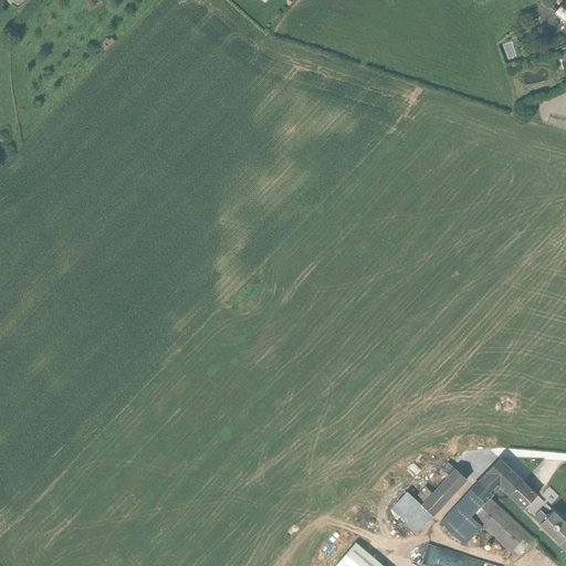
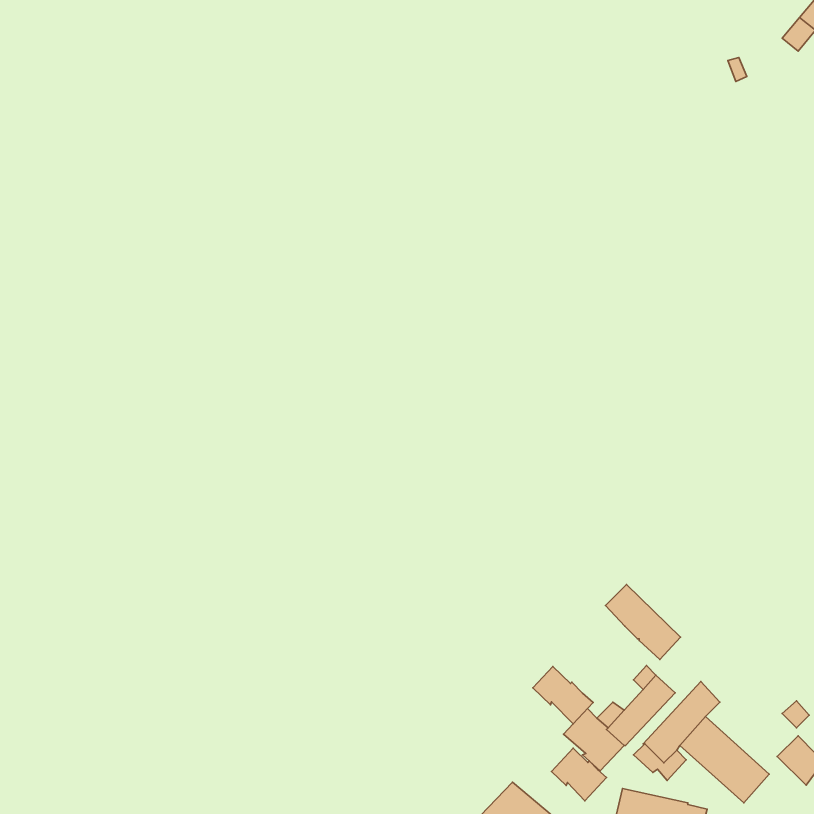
building: [486,459,538,511] -> [606,585,681,660]
building: none -> [533,666,593,724]
building: none -> [552,748,607,801]

